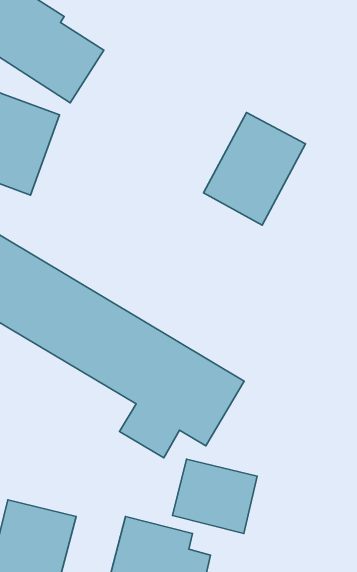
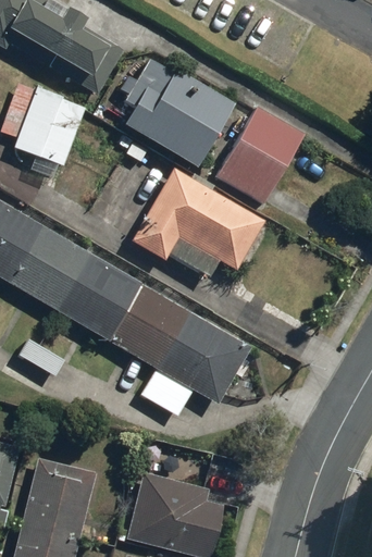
building: none -> [119,58,235,168]
building: none -> [129,168,266,278]
building: [172,459,257,534] -> none

